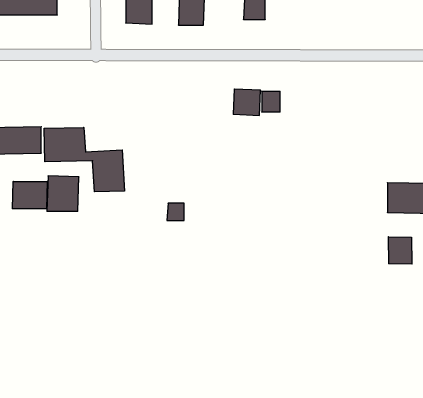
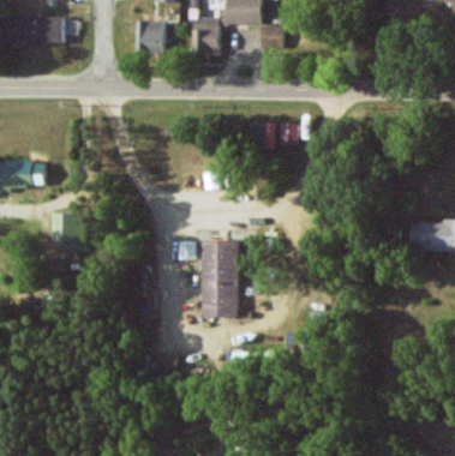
building: [44,127,124,192] -> none
building: [12,181,47,209] -> none
building: none -> [200,240,239,317]
building: [388,237,412,264] -> none

